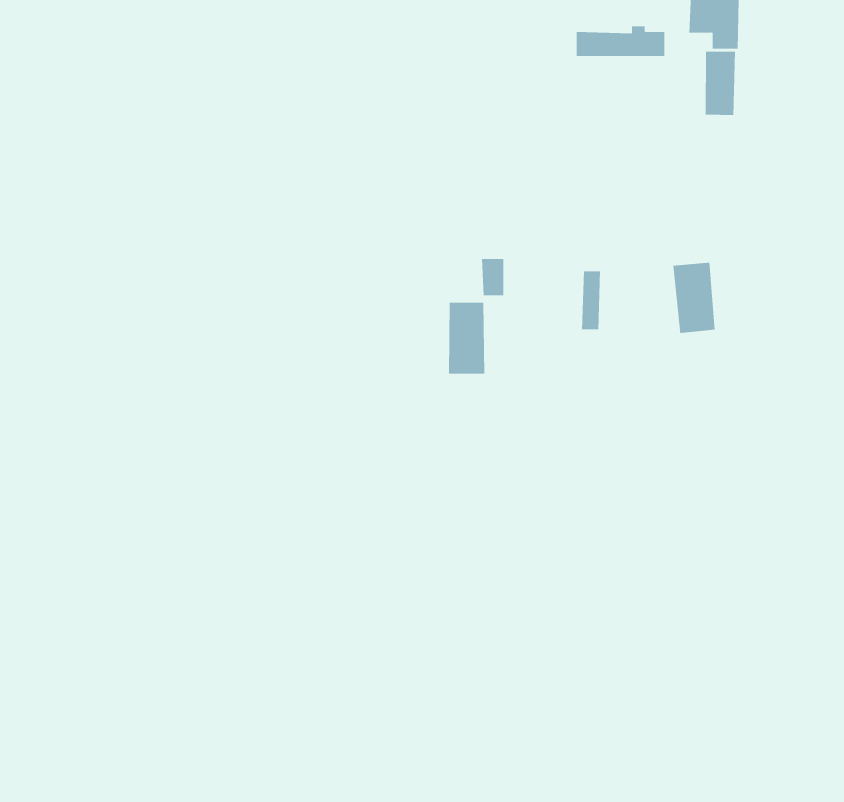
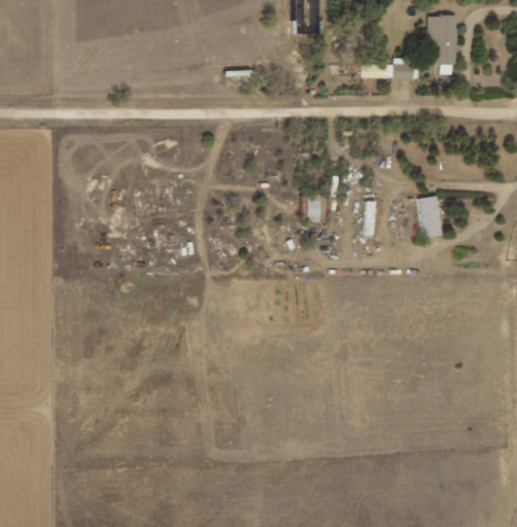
building: [705,51,736,116] -> none
building: [448,302,485,374] -> none

